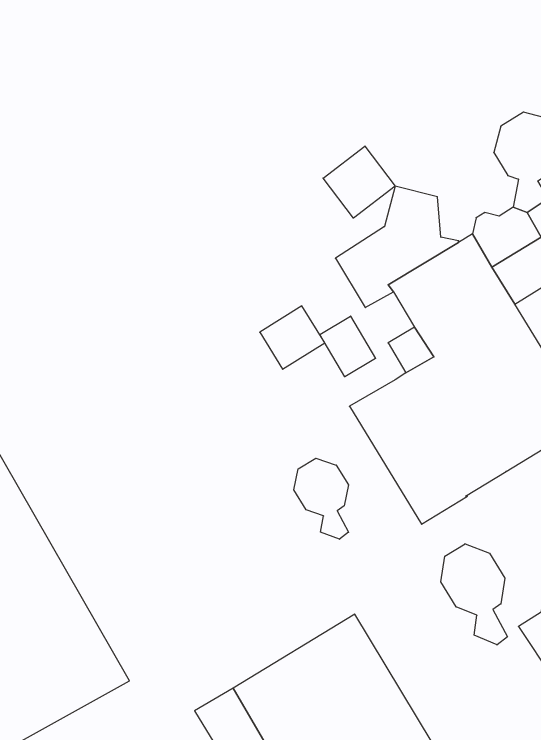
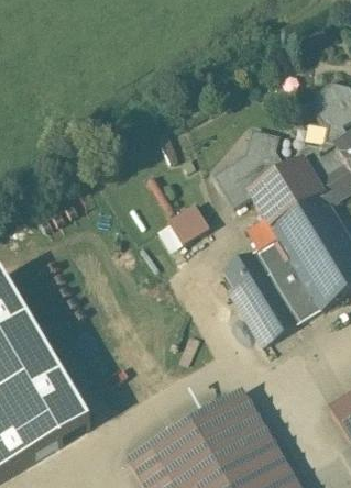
building: [323,146,395,218] -> none
building: [320,316,376,377] -> none
building: [294,458,349,539] -> none
building: [441,544,507,645] -> none

